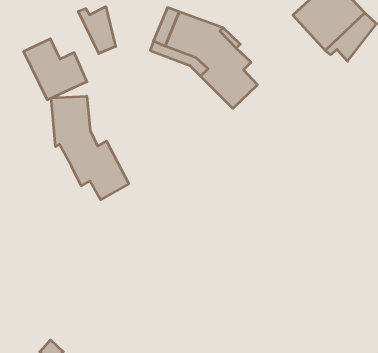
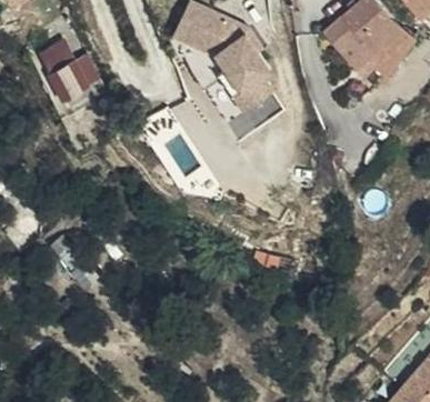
building: [78,7,116,54] -> none
building: [51,96,129,200] -> none

